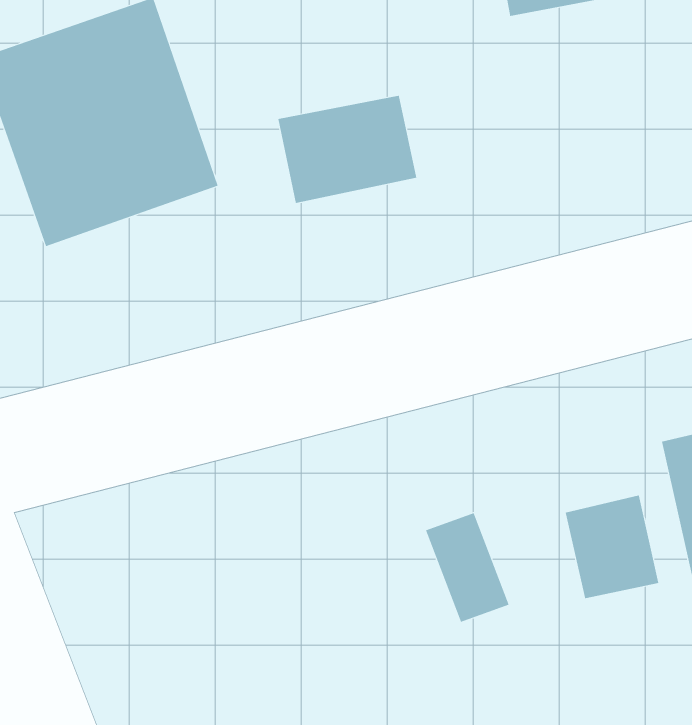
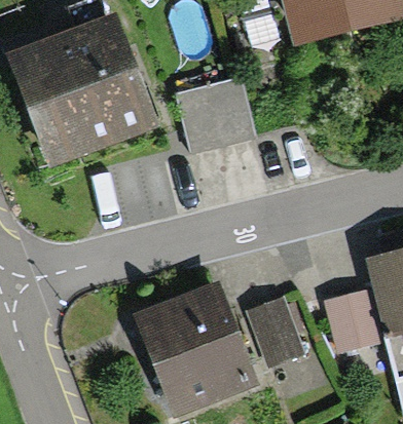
building: none -> [146,288,254,406]

